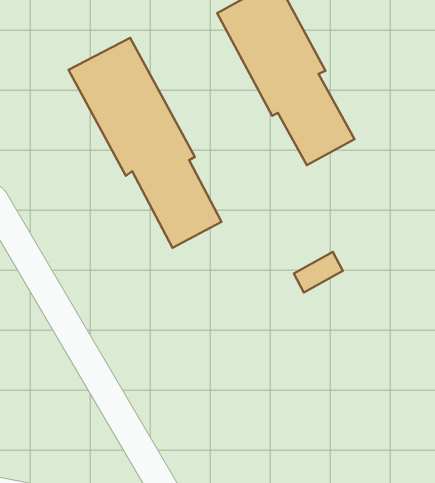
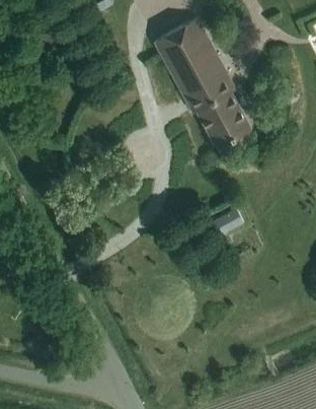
building: [69,38,221,248] -> none

